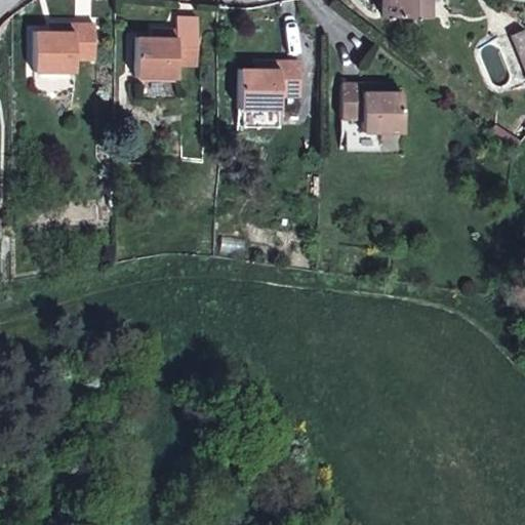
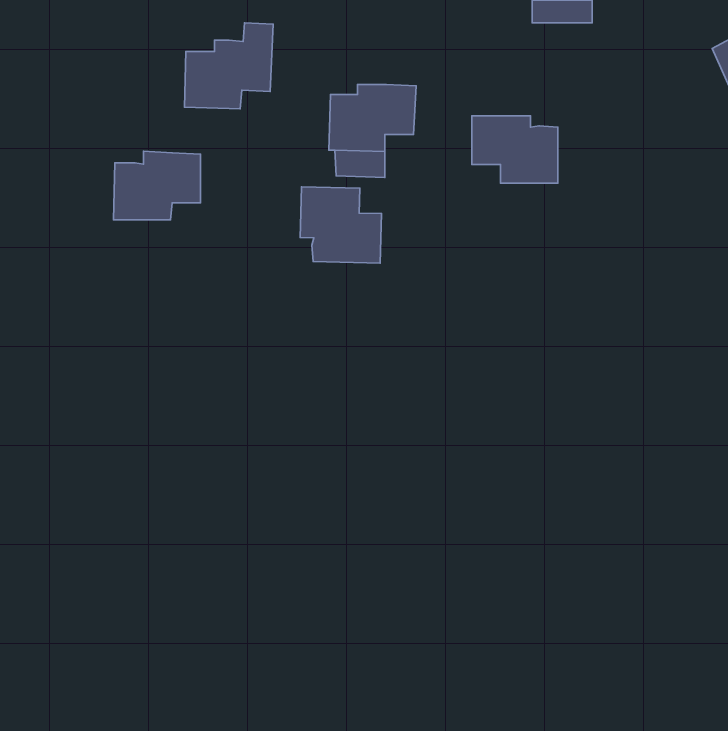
building: [33,23,95,72] -> [113,151,201,220]
building: none -> [300,187,381,263]

